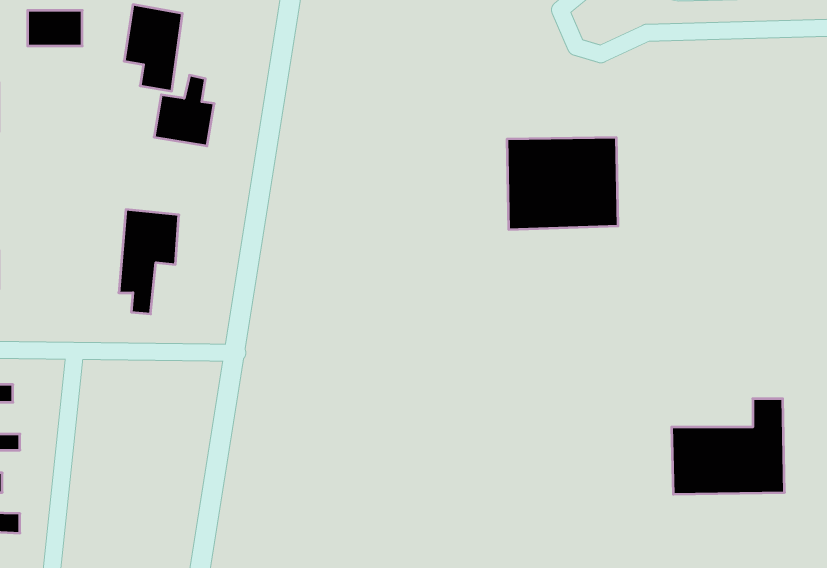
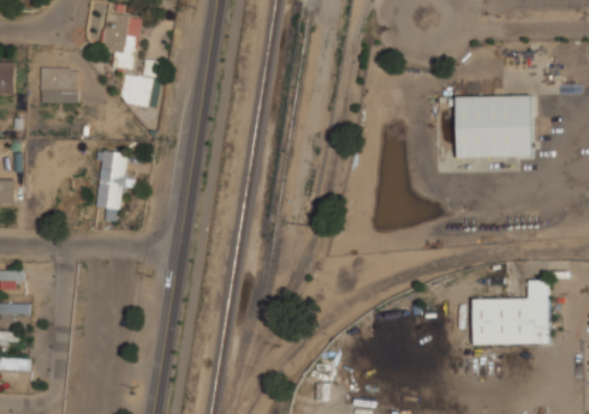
building: [28,10,82,46] -> [41,67,78,91]
building: [507,138,618,229] -> [456,96,531,158]

